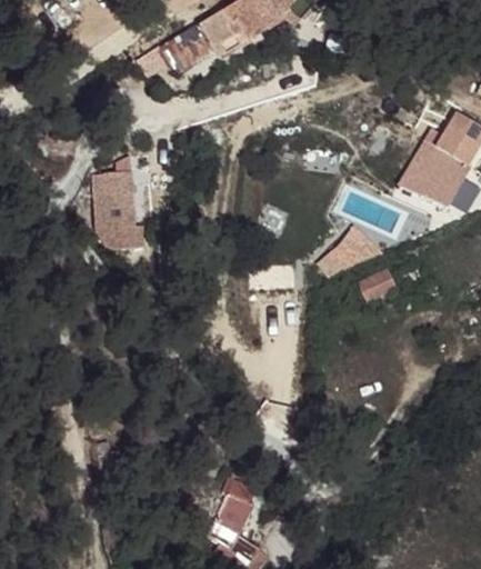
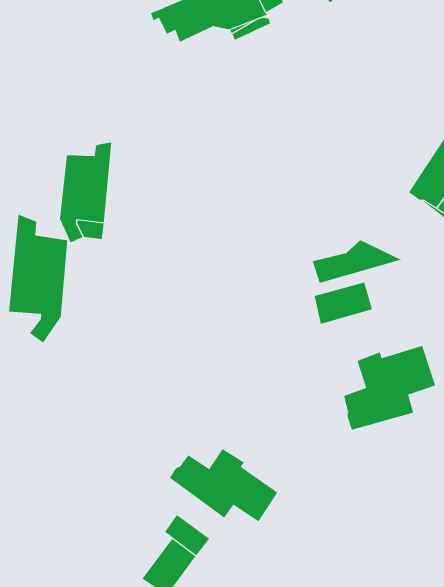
building: none -> [9,214,68,344]
building: none -> [343,345,436,431]
building: none -> [169,448,278,522]

